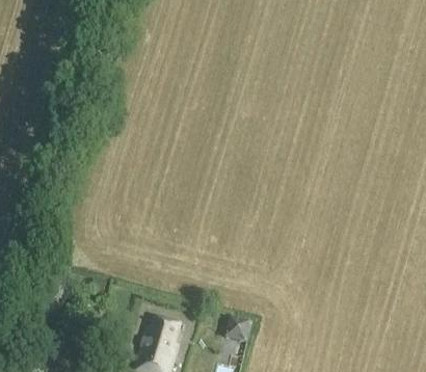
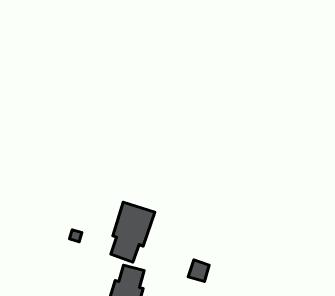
building: none -> [111,202,155,262]

